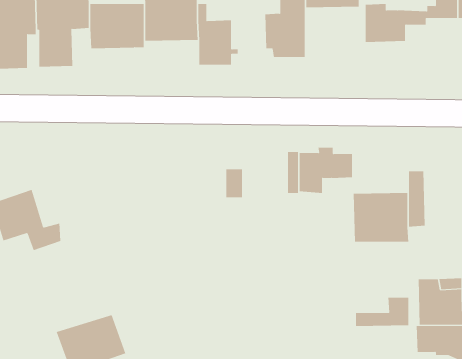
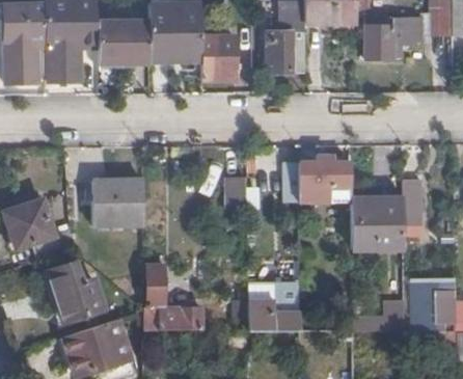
building: none -> [93,180,144,224]
building: none -> [46,263,106,324]
building: none -> [145,263,203,326]
building: none -> [249,281,300,330]

